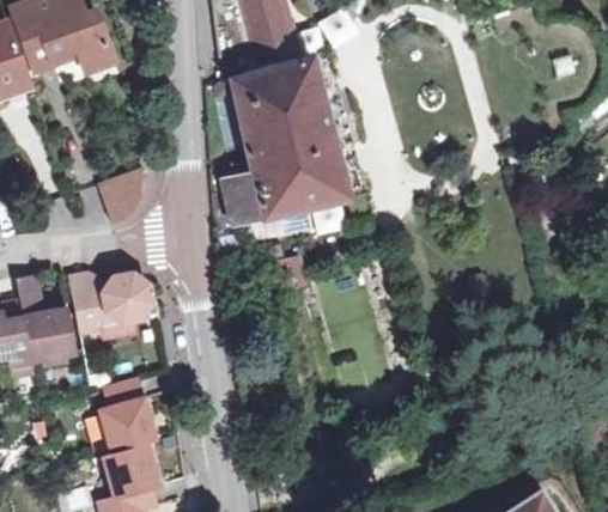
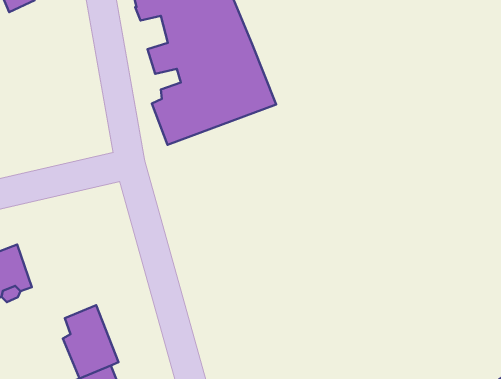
building: [101,167,144,224] -> none
building: [74,275,151,333] -> none

